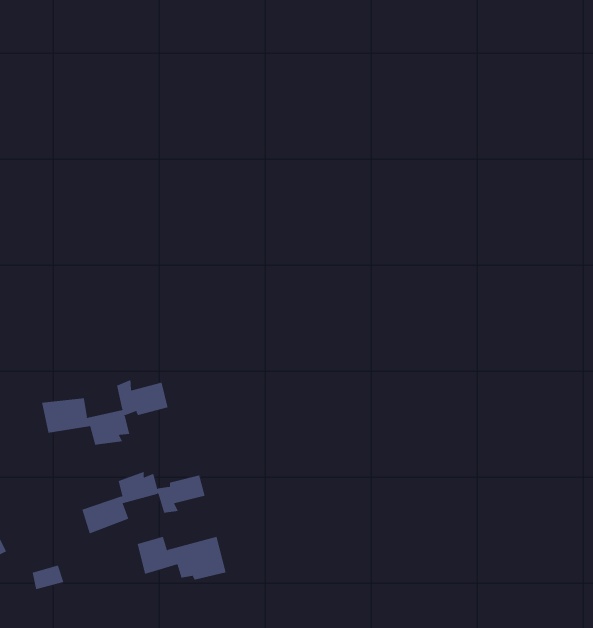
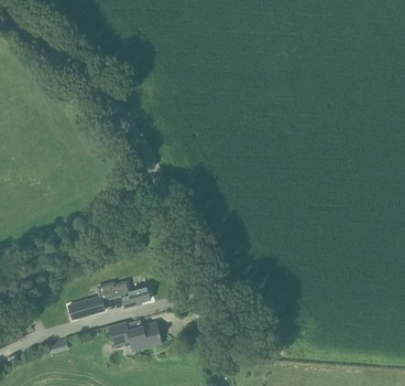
building: [41,379,168,446] -> none

